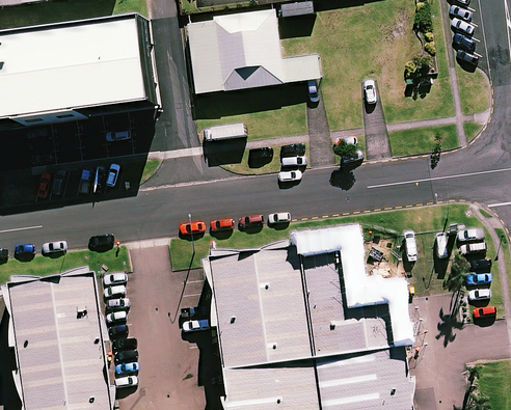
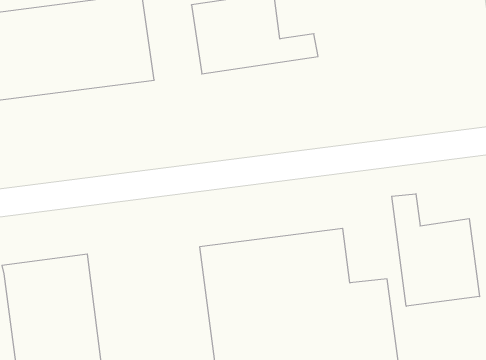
building: none -> [392,194,480,306]

